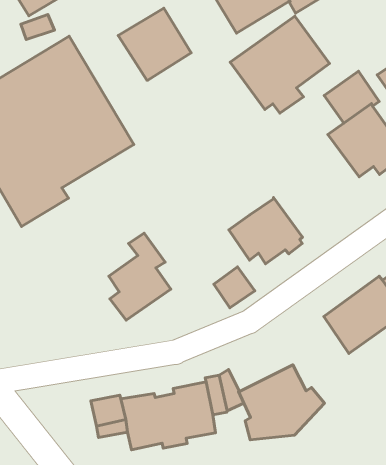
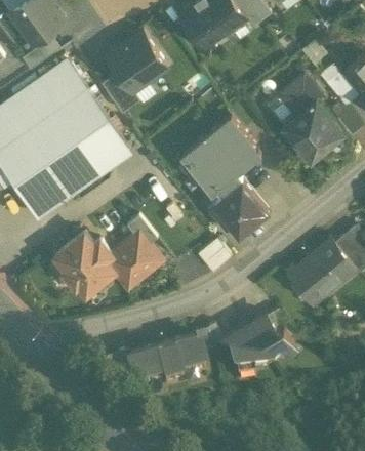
building: [230,16,330,113] -> [179,116,260,196]
building: none -> [100,72,139,113]
building: none -> [54,232,120,294]

